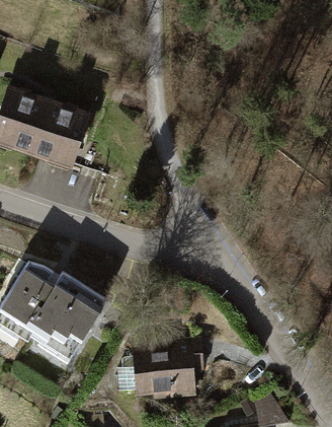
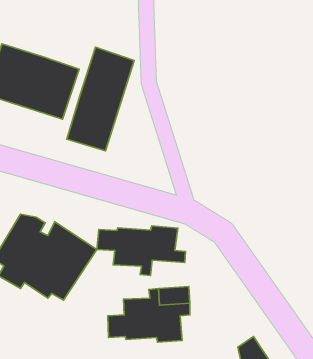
building: none -> [67,47,134,151]
building: none -> [97,226,185,275]

